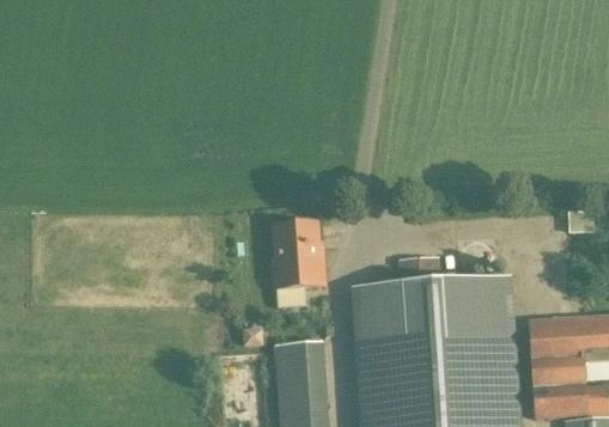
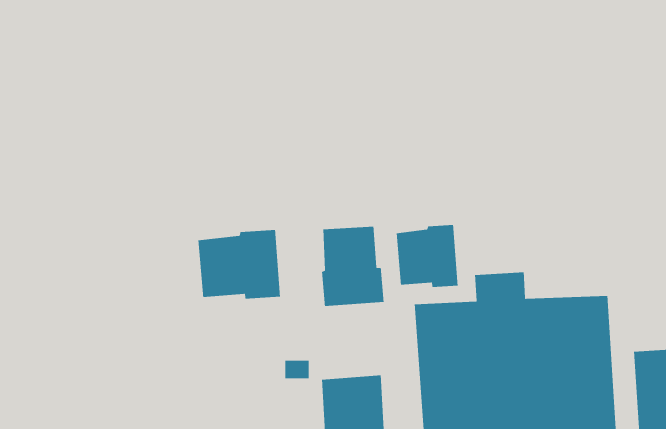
building: none -> [396,224,458,288]
building: none -> [197,229,281,300]

